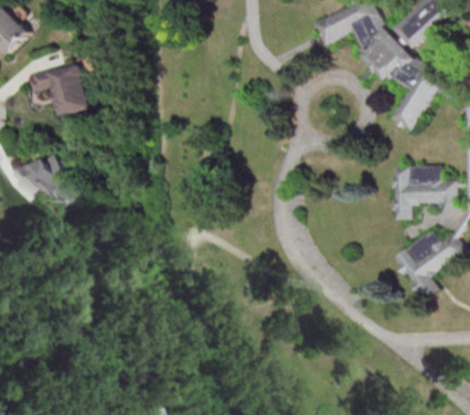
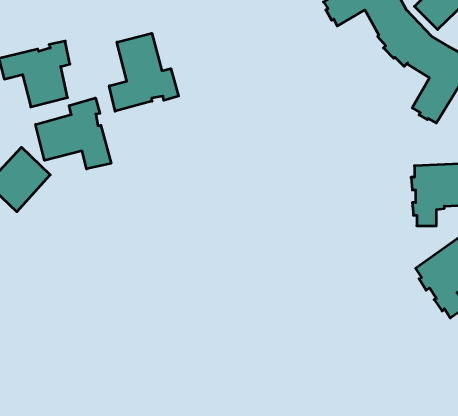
building: none -> [109,33,179,111]
building: none -> [36,98,111,169]

